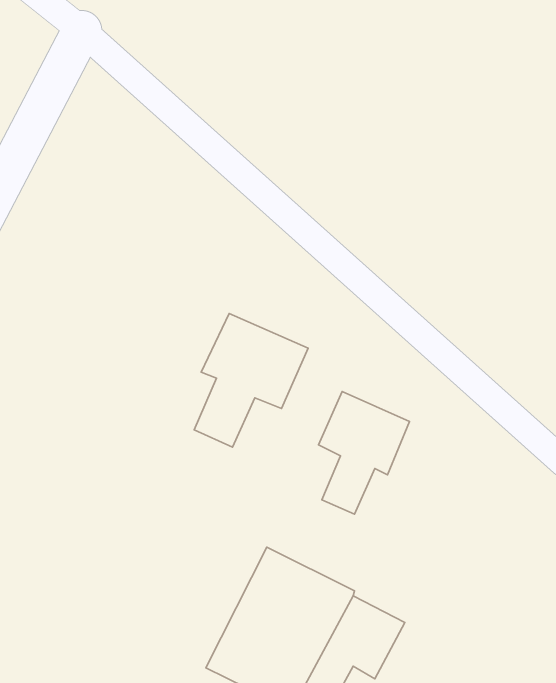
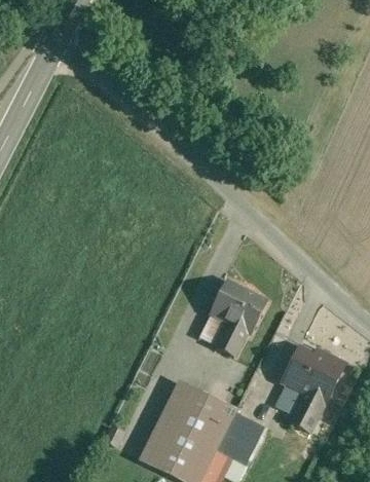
building: [194,313,308,447] -> none
building: none -> [278,339,348,433]

